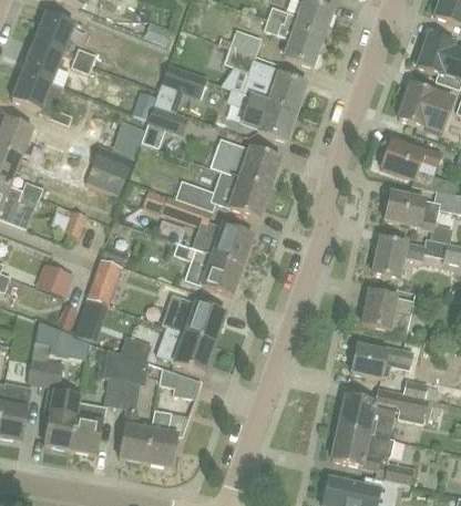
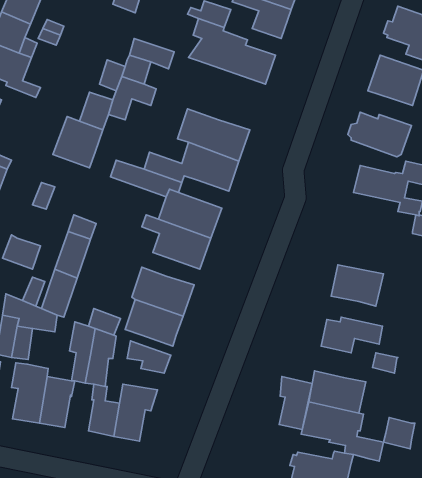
building: [225,89,296,141] -> none
building: [372,238,423,279] -> none
building: [397,393,428,424] -> [383,418,415,449]
building: none -> [279,377,312,429]

